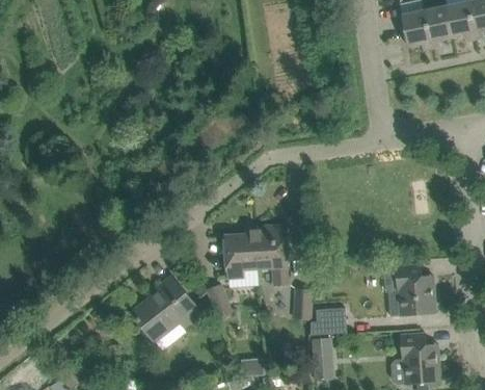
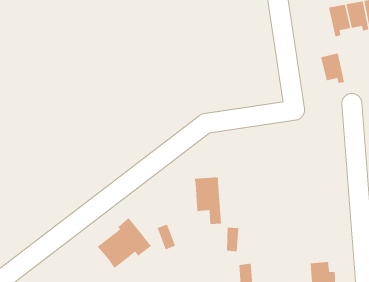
building: [401,10,432,49] -> [320,53,345,83]
building: [224,233,258,278] -> none
building: [388,263,436,316] -> none
building: [312,308,348,334] -> none

